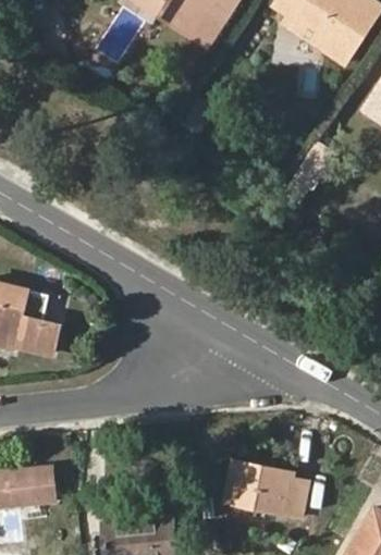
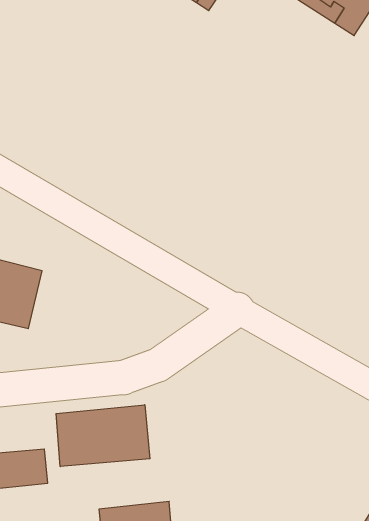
building: none -> [56,405,150,467]
building: [226,461,307,516] -> none

